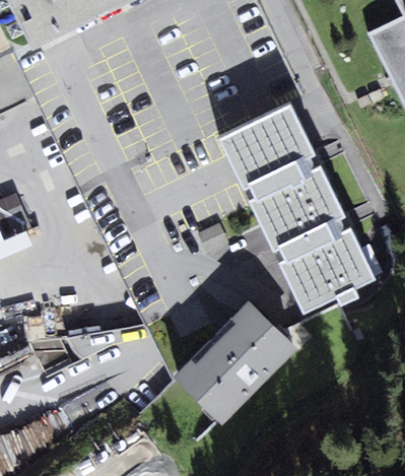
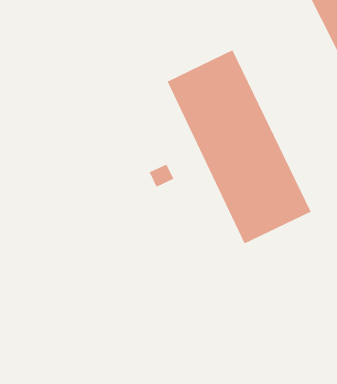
building: [175,298,299,423] -> none

